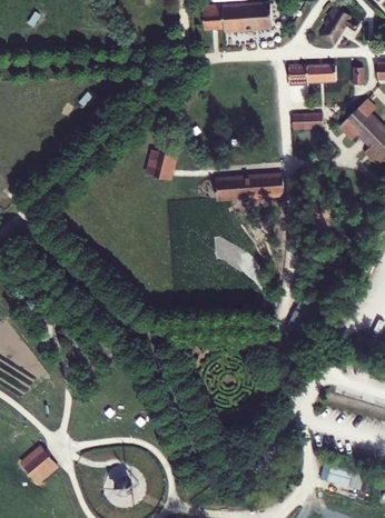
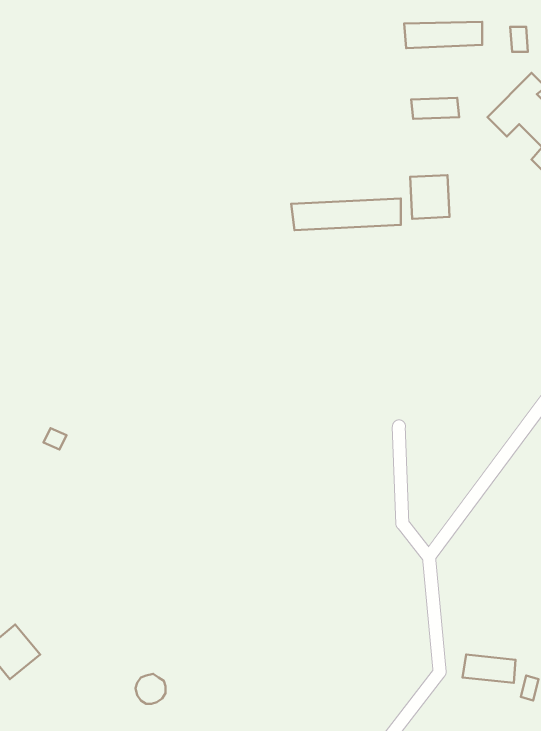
building: [150,151,177,179] -> none
building: none -> [410,175,449,219]

